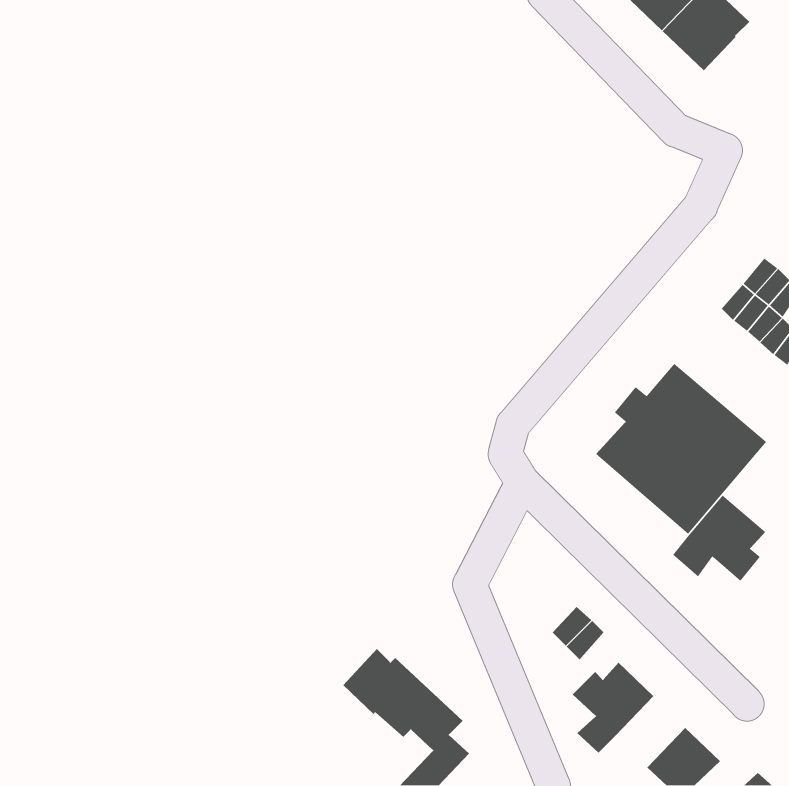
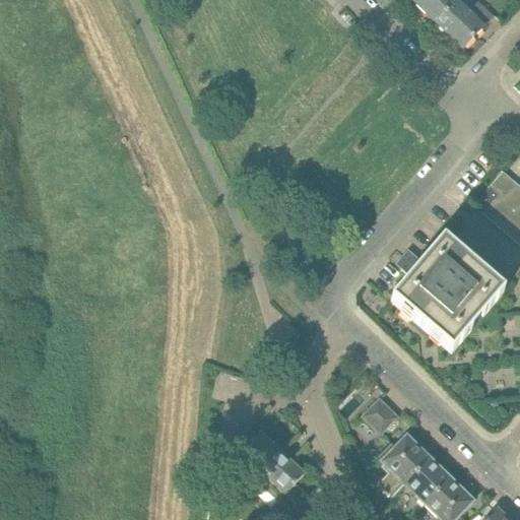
building: [672,495,766,582] -> none
building: none -> [405,456,451,503]

